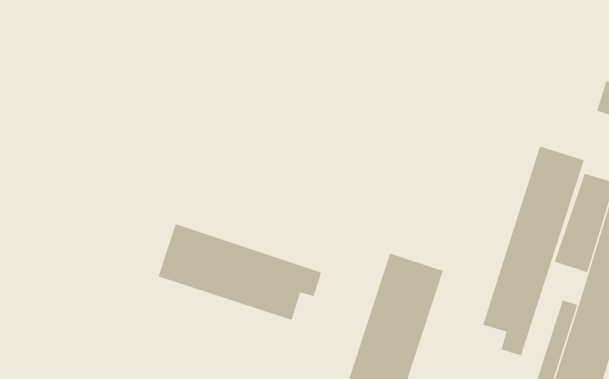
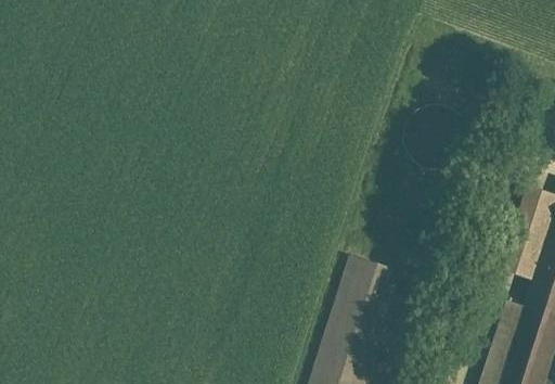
building: [482,146,585,356] -> none
building: [158,223,322,321] -> none

